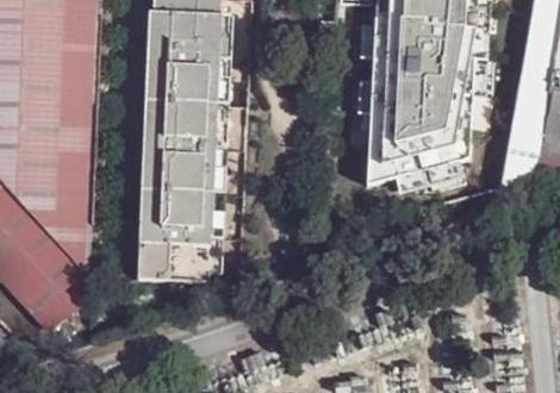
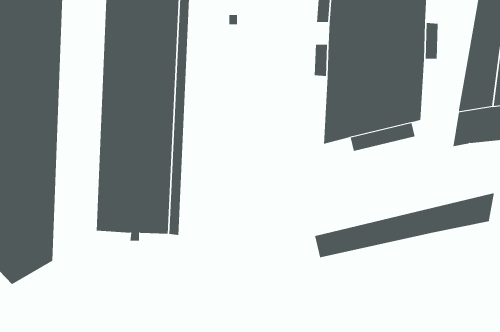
building: none -> [315,192,494,258]

